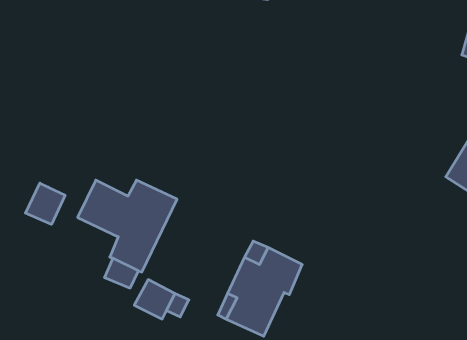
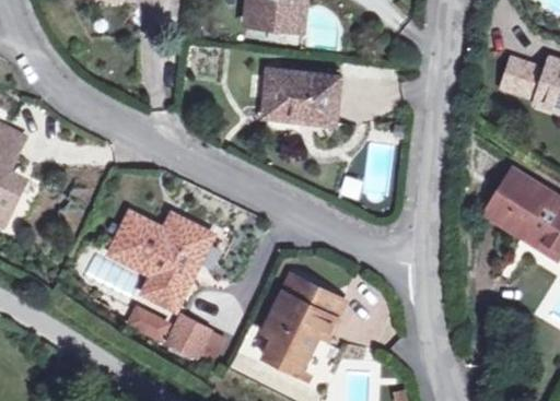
building: none -> [265,71,339,125]
building: [25,183,65,224] -> none

